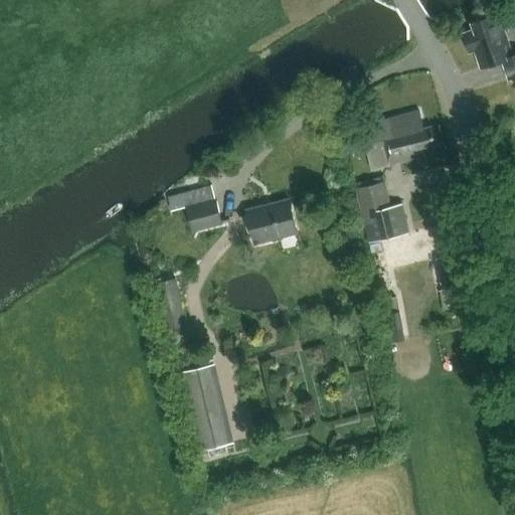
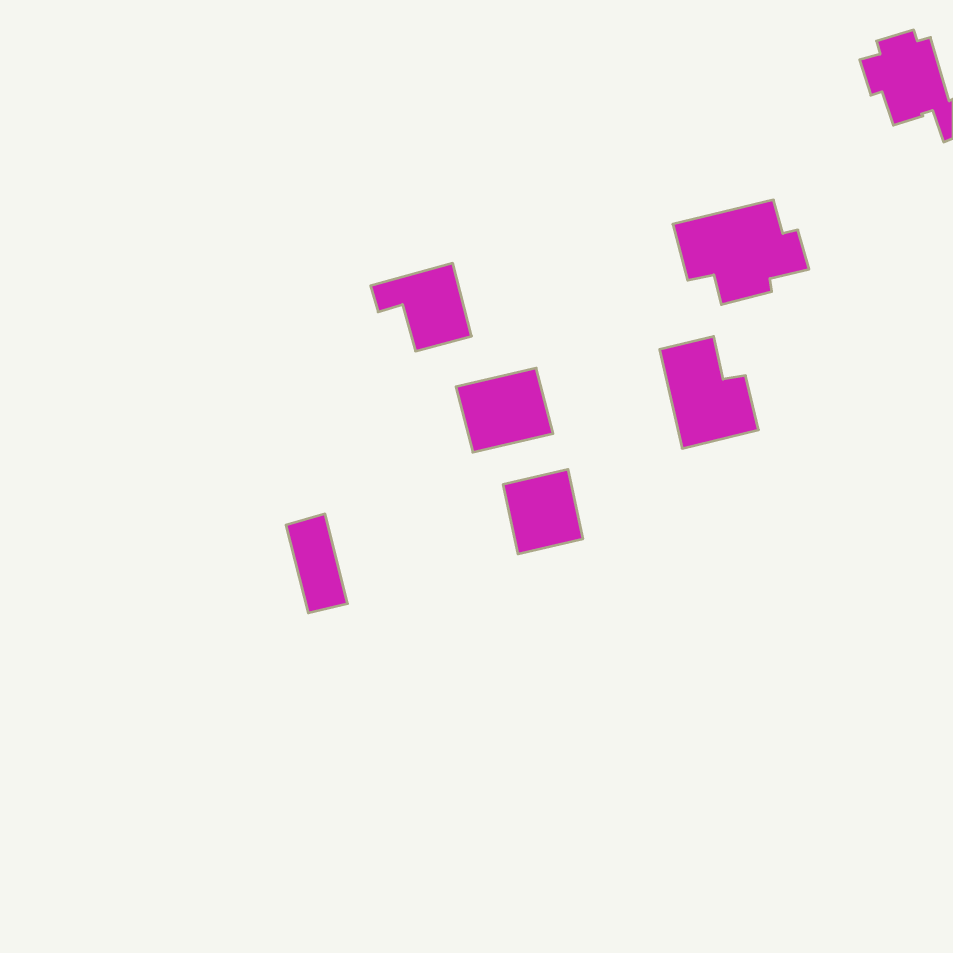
building: [167,185,221,232] -> [371,263,472,351]
building: none -> [503,469,583,554]
building: [179,364,233,452] -> none

